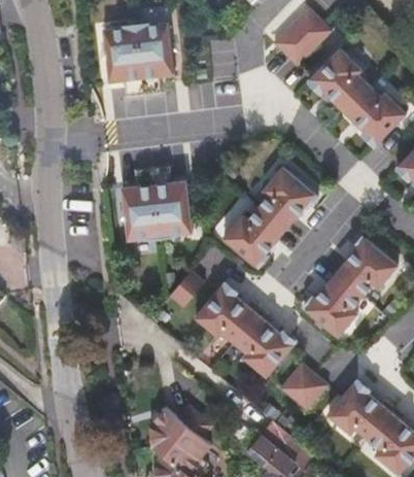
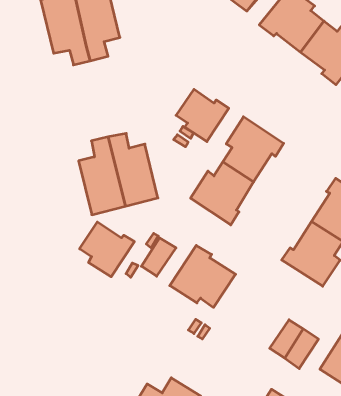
building: none -> [176,89,229,142]
building: none -> [80,222,134,277]
building: [233,313,296,376] -> none

